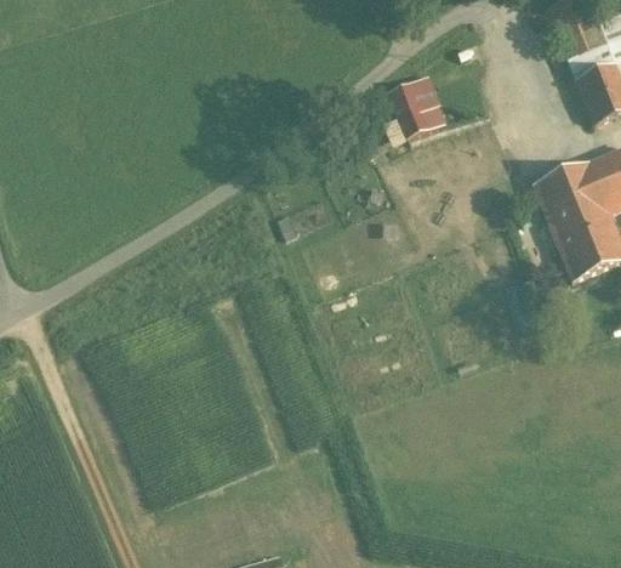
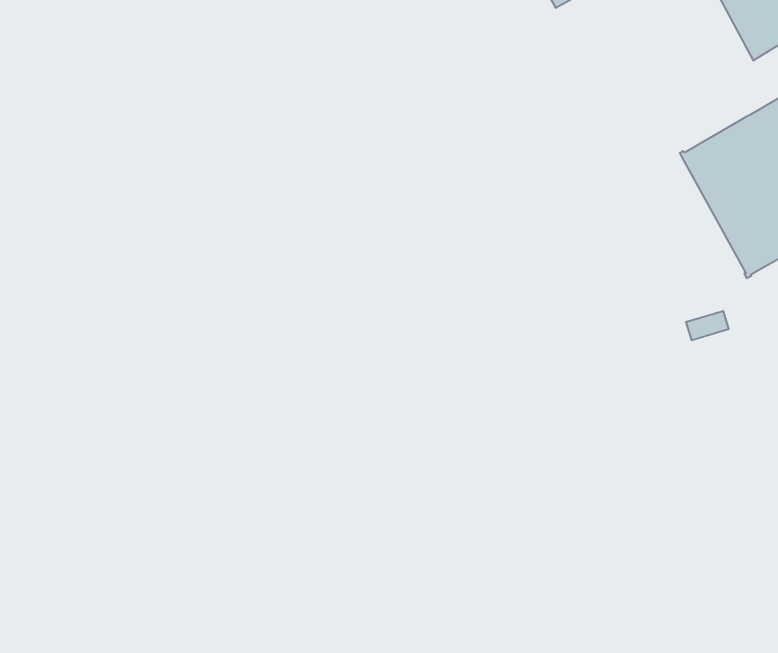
building: [391,74,446,134] -> none

